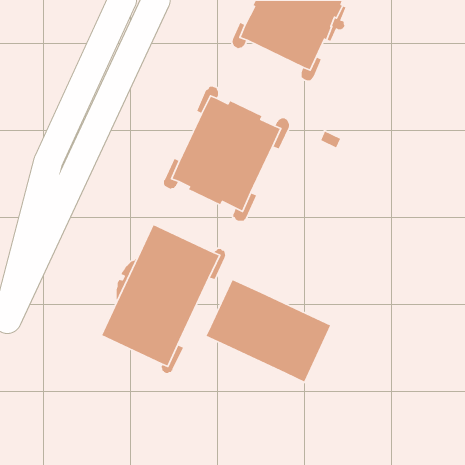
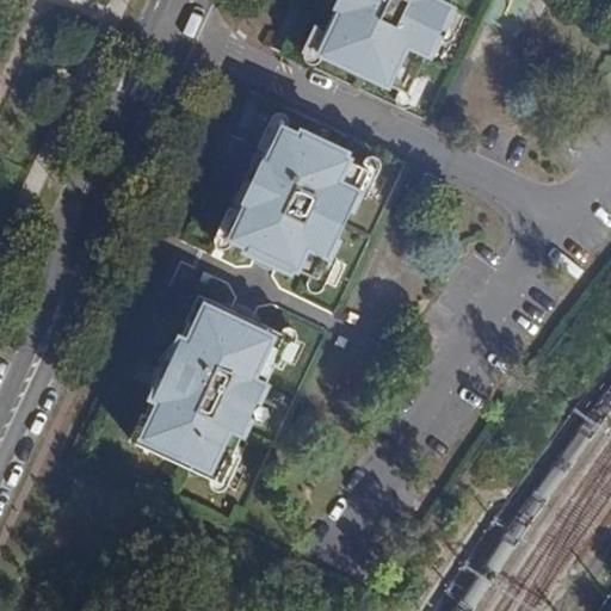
building: [205,279,331,382] -> none

